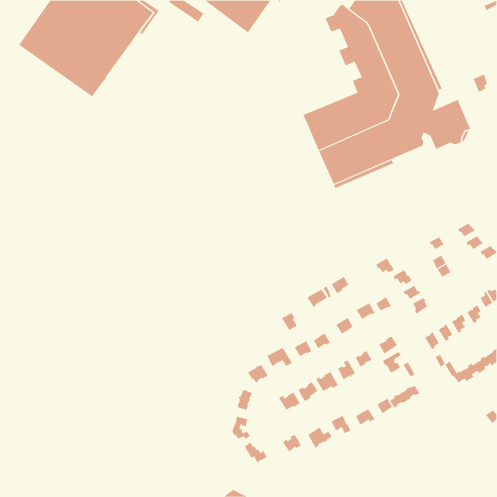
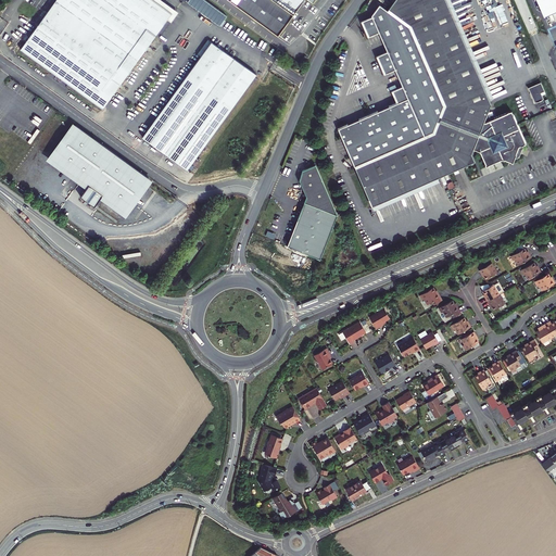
building: none -> [142,42,256,169]
building: none -> [53,125,150,211]
building: none -> [288,165,338,260]

